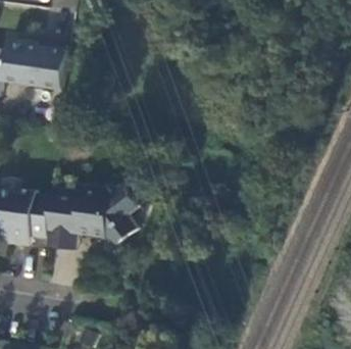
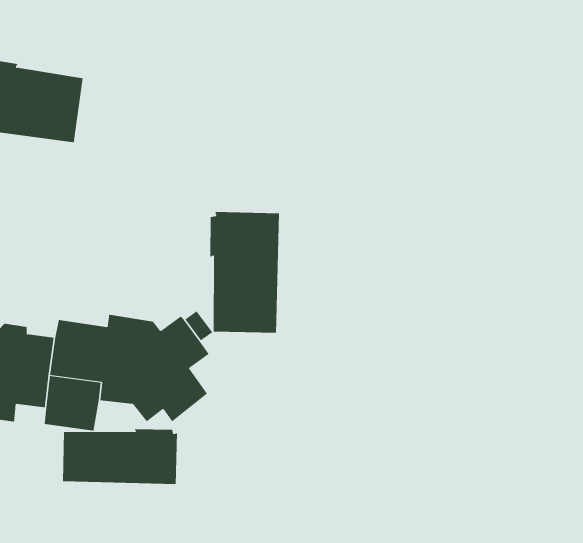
building: none -> [210,211,280,333]
building: none -> [63,428,178,485]

